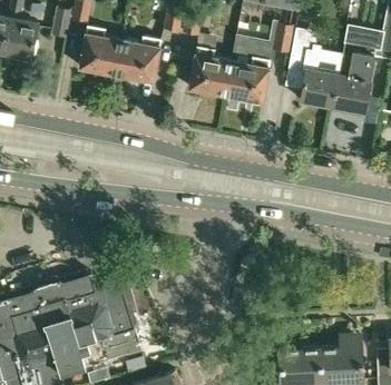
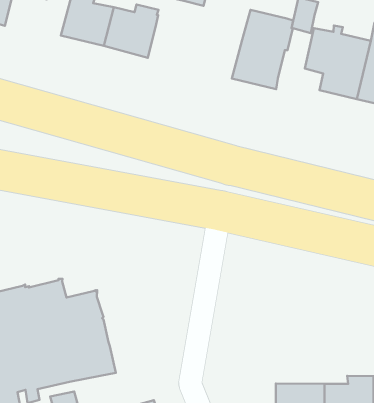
building: [188,47,232,96] -> none

